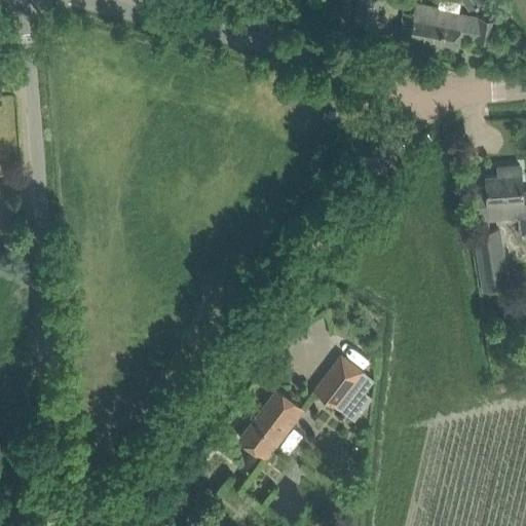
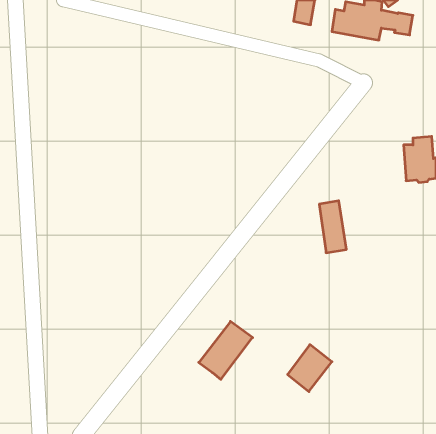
building: [475,228,508,291] -> [319,201,346,253]
building: [314,355,368,412] -> [288,345,332,392]

